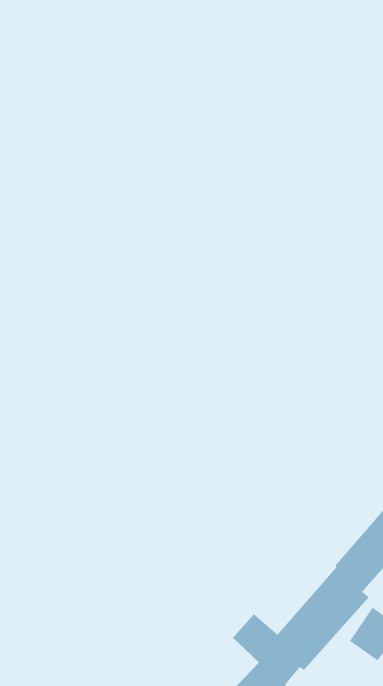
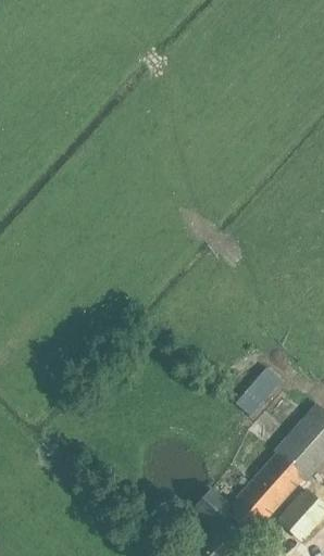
building: none -> [236,369,281,417]

